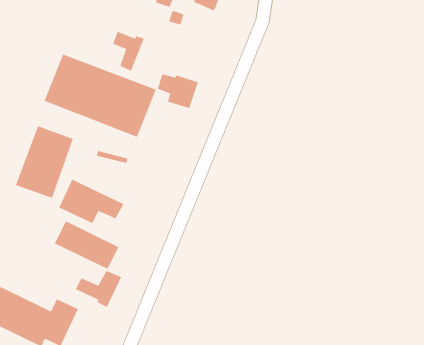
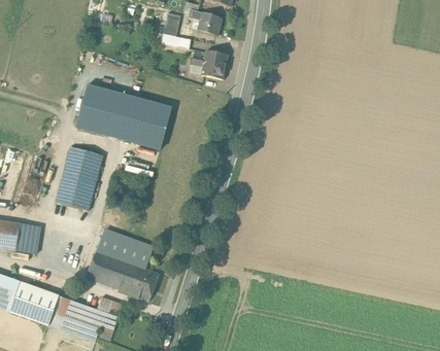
building: [112,31,145,72] -> none
building: [157,73,199,109] -> [190,47,226,76]
building: [58,178,124,224] -> [86,250,143,288]

